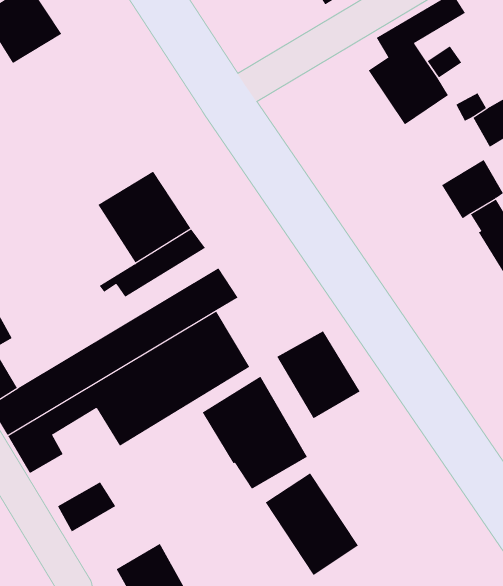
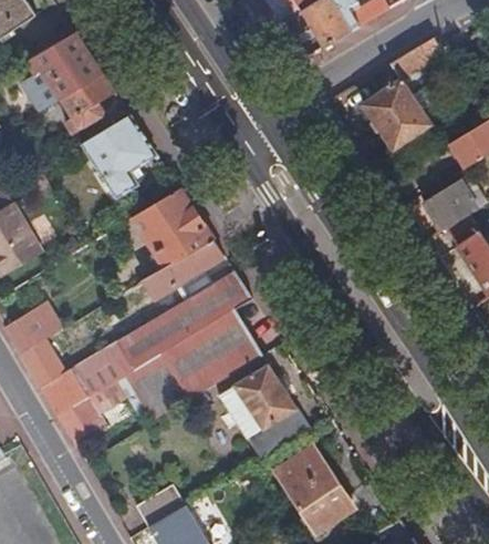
building: none -> [60,73,114,134]
building: none -> [81,114,156,197]
building: [276,330,360,419] -> none
building: [57,481,116,532] -> [135,484,185,527]

